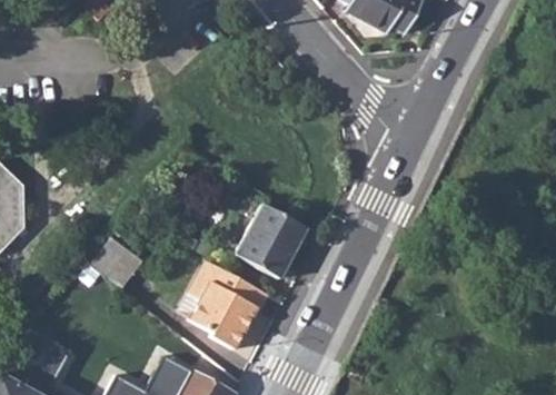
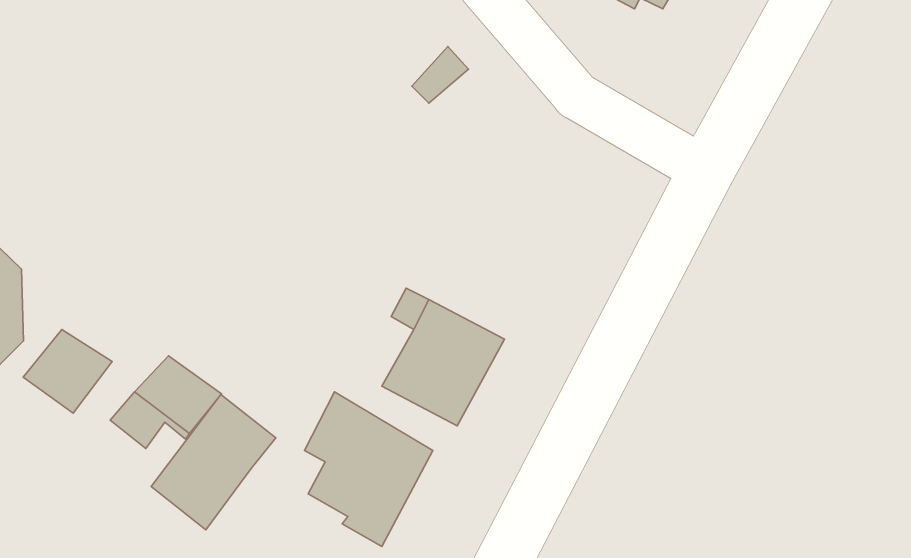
building: none -> [23,330,112,413]
building: none -> [151,394,276,530]

